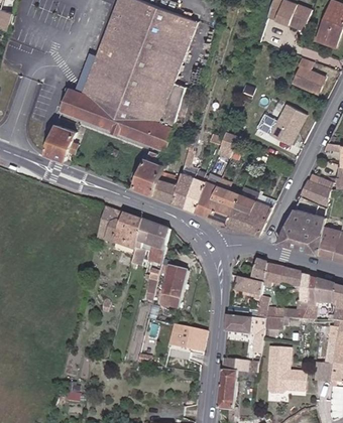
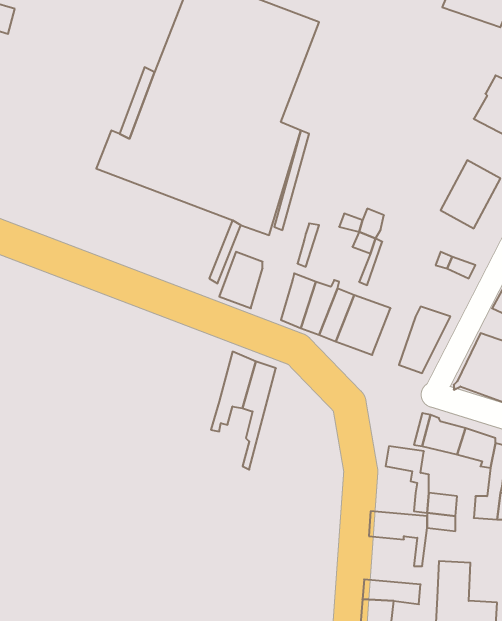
building: [44,122,75,158] -> none
building: [154,169,180,200] -> none
building: [228,193,254,228] -> none
building: [103,213,143,250] -> none
building: [159,265,186,307] -> none
building: [167,324,207,352] -> none

